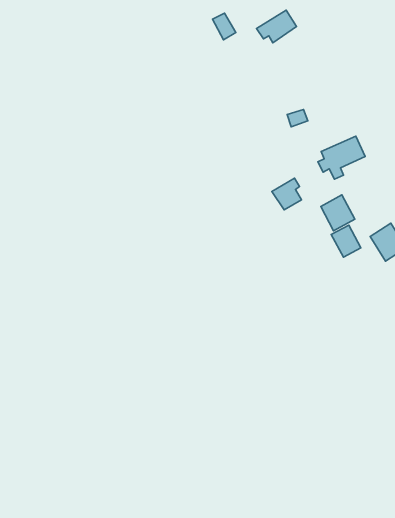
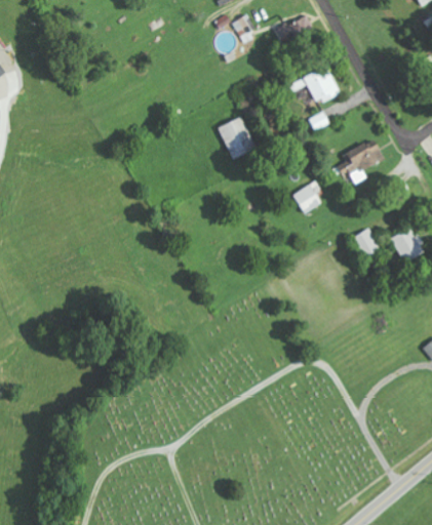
building: none -> [290,66,340,104]
building: none -> [217,116,257,159]
building: [321,195,355,231] -> none

